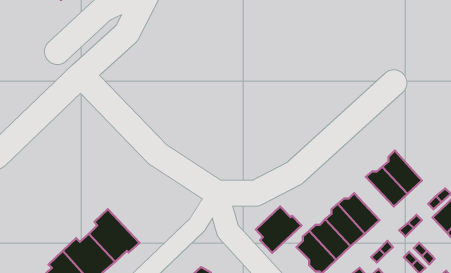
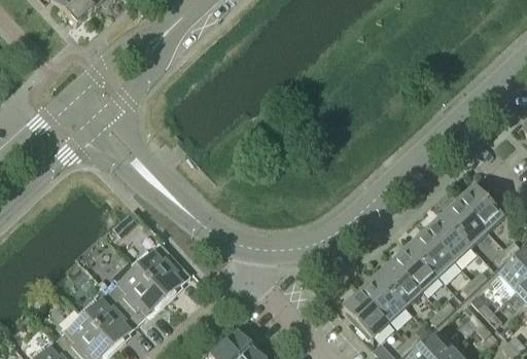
building: none -> [457,183,505,230]
building: none -> [411,226,456,276]
building: none -> [130,243,190,301]
building: [256,207,301,253] -> none

